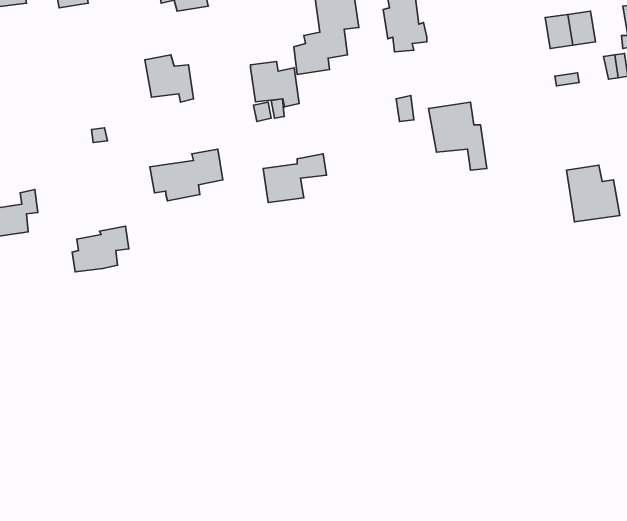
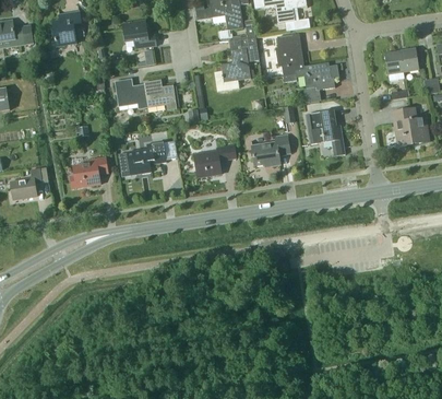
building: none -> [283,61,339,102]
building: [251,61,299,107] -> [144,80,177,110]
building: none -> [252,134,290,165]
building: [566,165,620,222] -> [392,107,428,145]
building: [72,226,129,272] -> [70,157,108,188]

